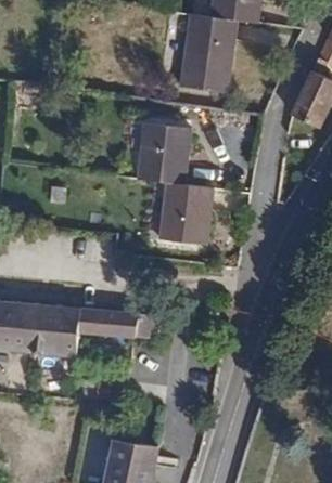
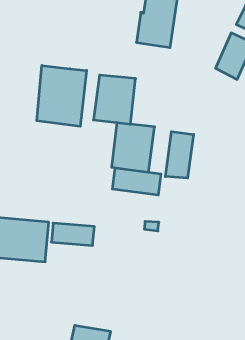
building: none -> [37,65,87,126]
building: none -> [165,132,194,178]
building: none -> [112,168,161,195]

